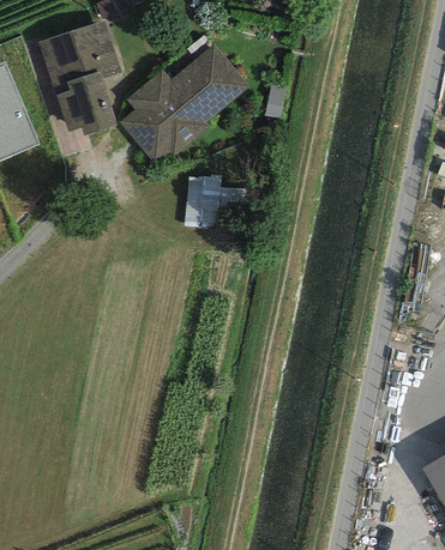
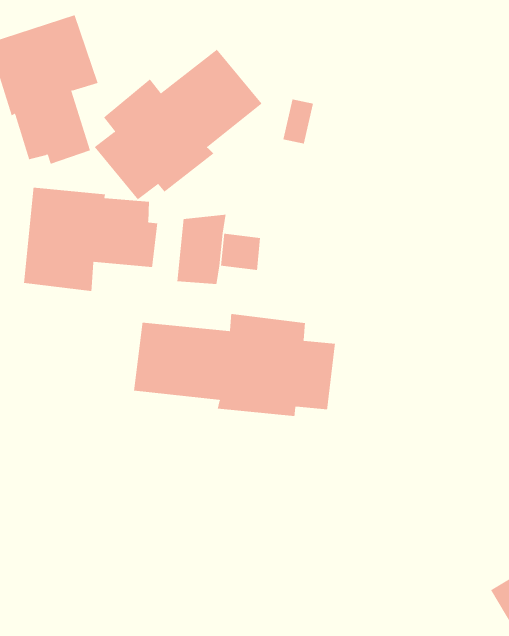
building: none -> [24,187,158,292]
building: none -> [133,313,336,417]

